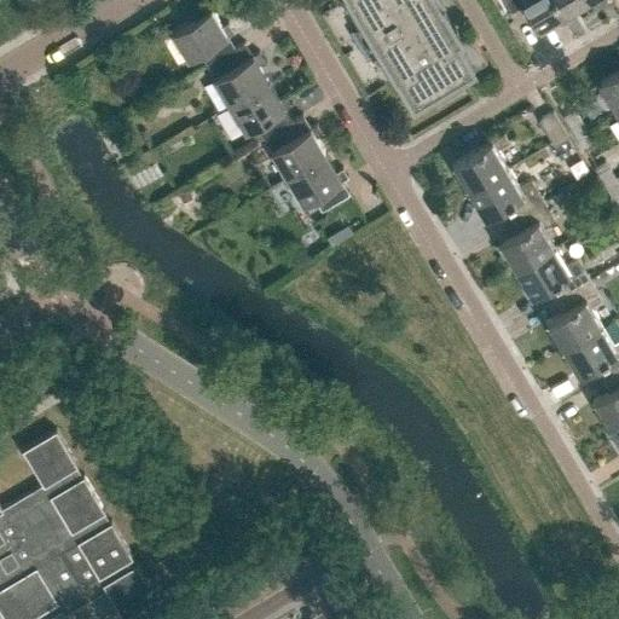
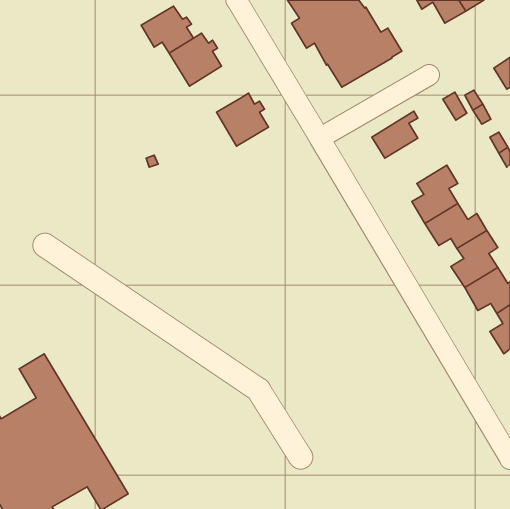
building: [228,83,290,139] -> none
building: [285,157,347,212] -> none
building: [464,170,539,225] -> none

